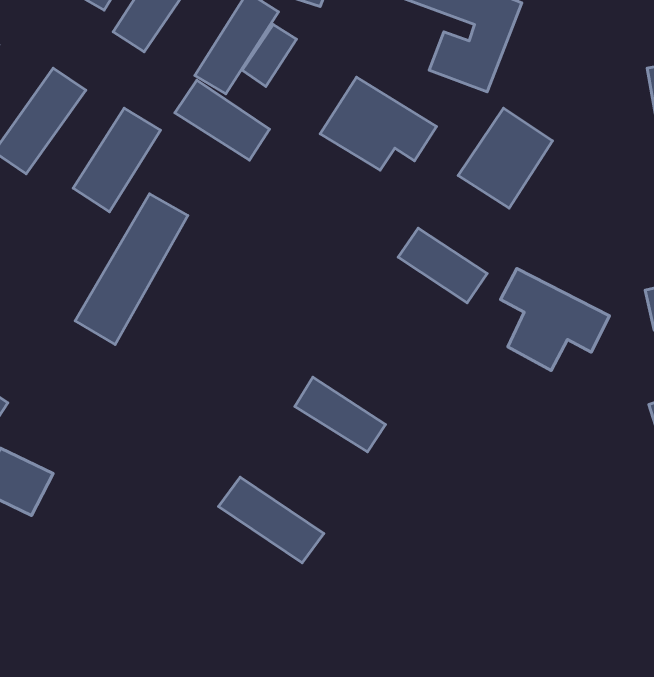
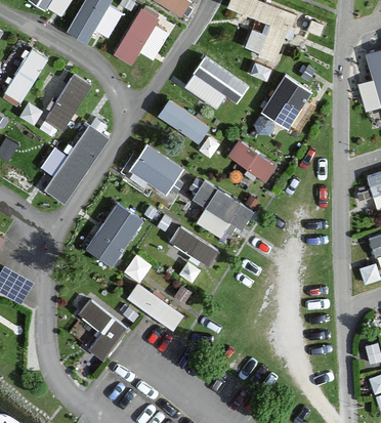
building: [175,80,269,160] -> [157,98,210,143]
building: none -> [127,142,183,196]
building: [500,269,609,370] -> [192,179,253,237]
building: none -> [84,201,144,266]
building: none -> [78,298,128,361]

